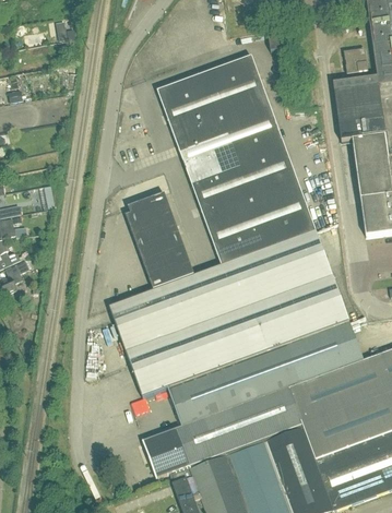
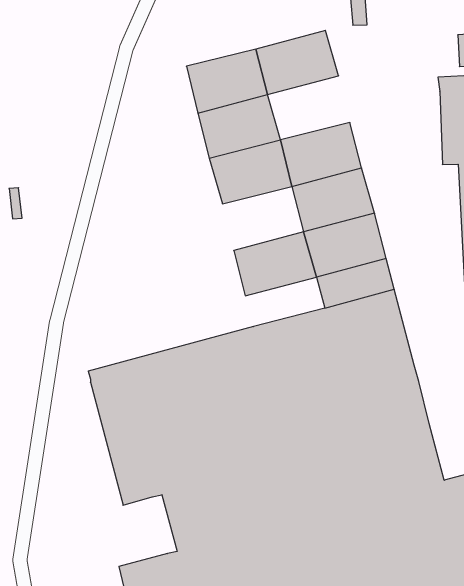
building: [215,86,274,134] -> none
building: [191,166,249,214] -> none
building: [126,192,193,287] -> none
building: [213,227,269,265] -> none

